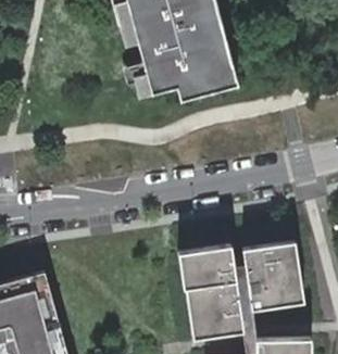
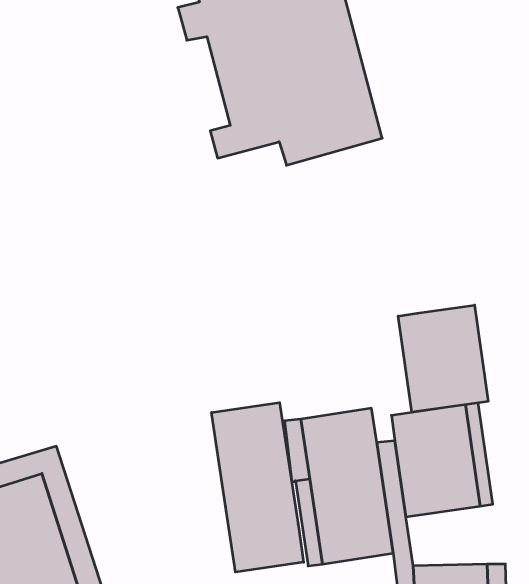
building: none -> [398,305,488,412]
building: none -> [212,403,304,572]

